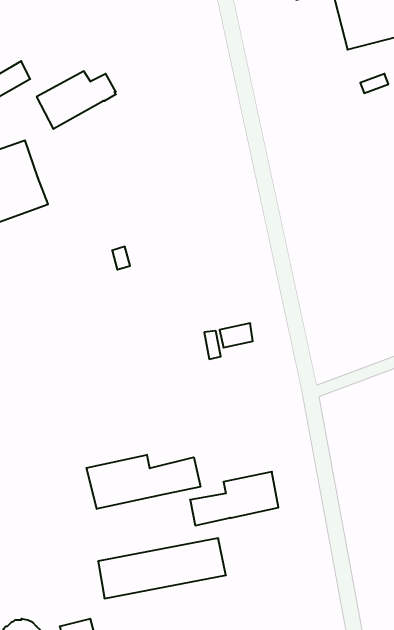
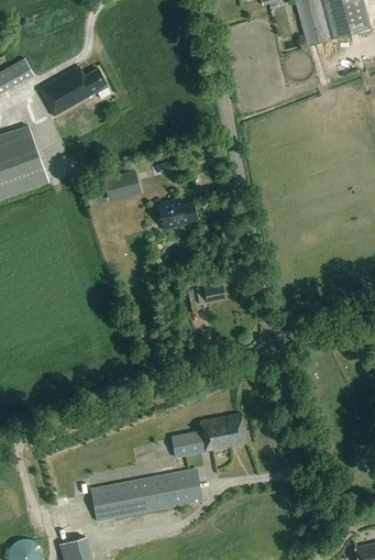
building: none -> [106,172,140,197]
building: none -> [155,198,198,230]
building: [86,455,200,509] -> none

